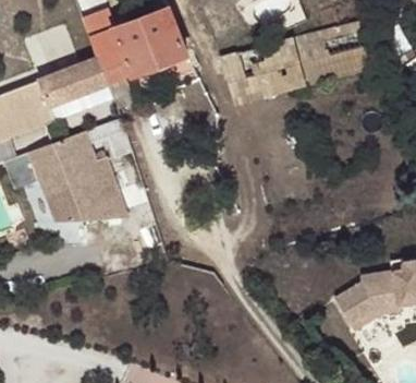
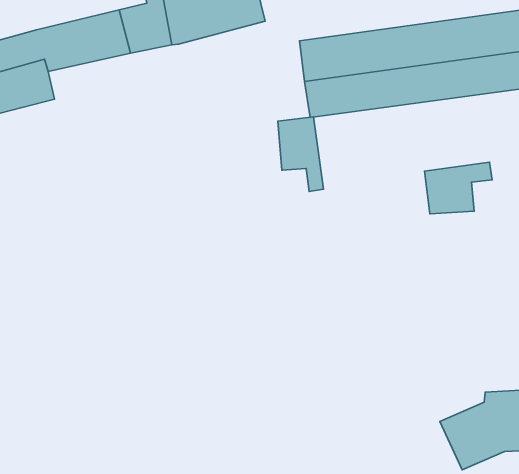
building: none -> [278,117,324,192]
building: none -> [425,162,492,214]
building: [33,137,131,222] -> none

